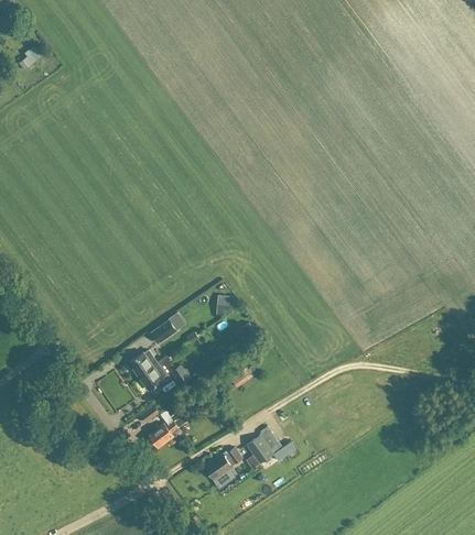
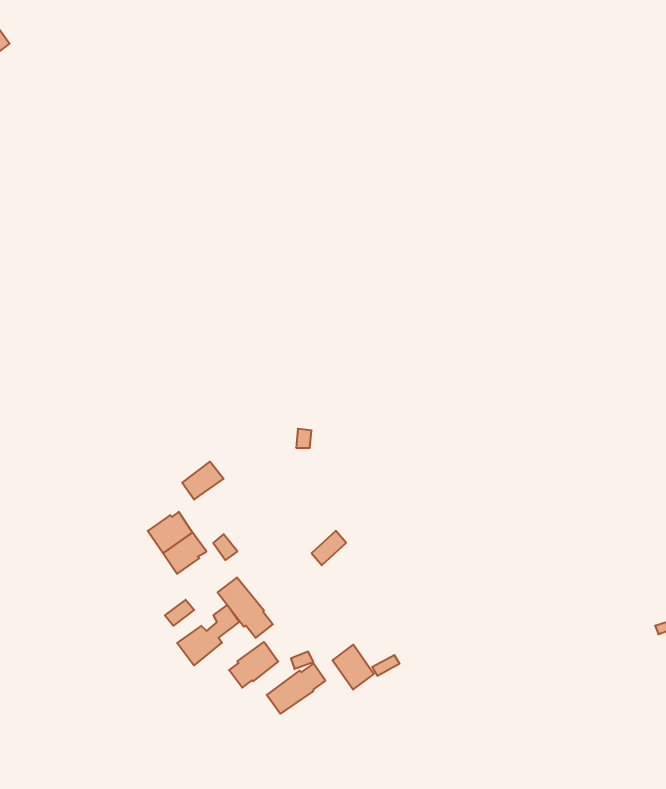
building: none -> [218,577,273,638]
building: none -> [229,642,278,688]

